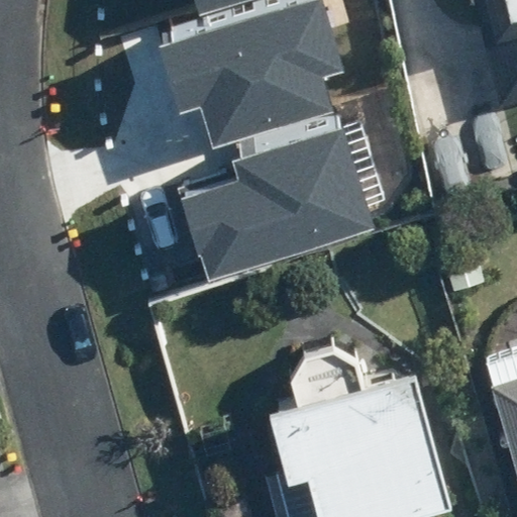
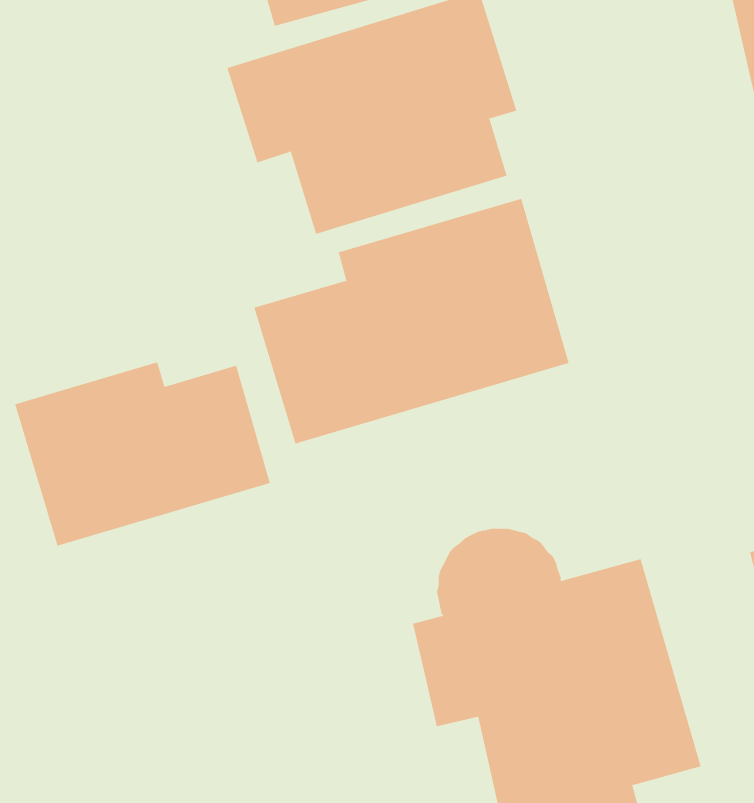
building: none -> [14,362,271,546]

